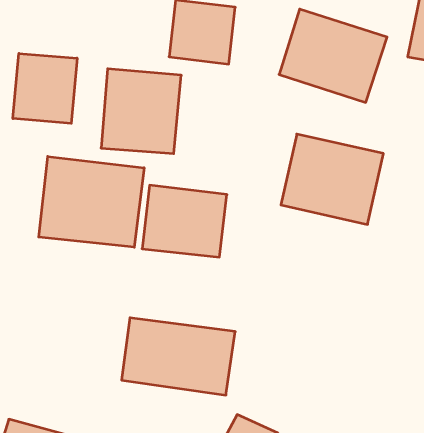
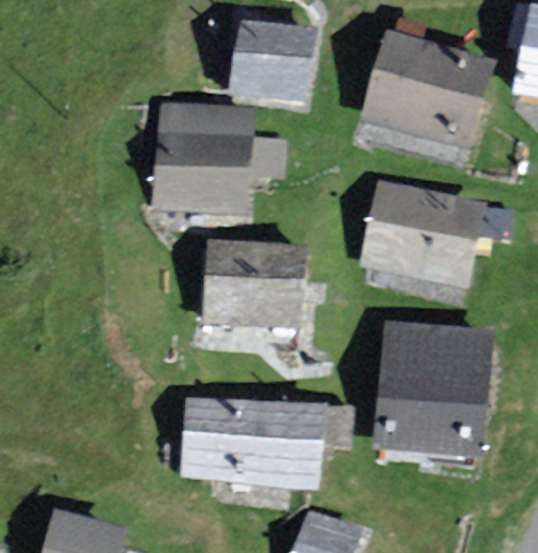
building: [13,53,77,123] -> none
building: [39,156,144,247] -> none
building: none -> [370,325,488,455]

